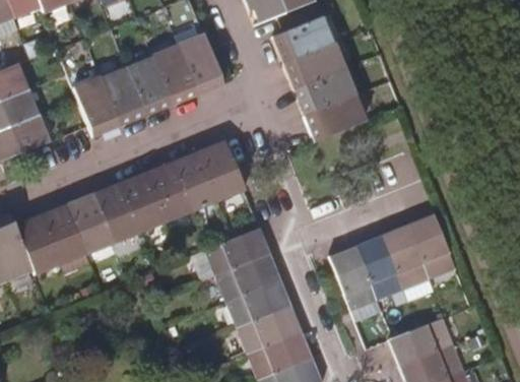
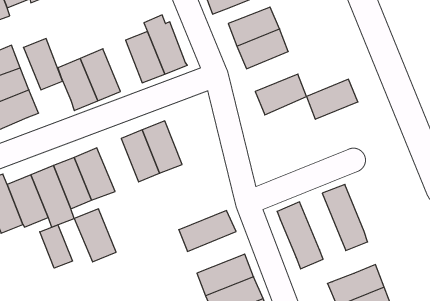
building: [126,56,172,116] -> [23,39,63,90]
building: [294,69,353,116] -> [307,79,358,119]
building: [198,140,245,201] -> none
building: [119,171,168,233] -> [74,209,116,262]
building: [408,213,456,279] -> none
building: [203,229,270,277] -> none
building: [355,235,404,301] -> none
building: none -> [40,225,72,268]
building: [224,279,291,328] -> none

